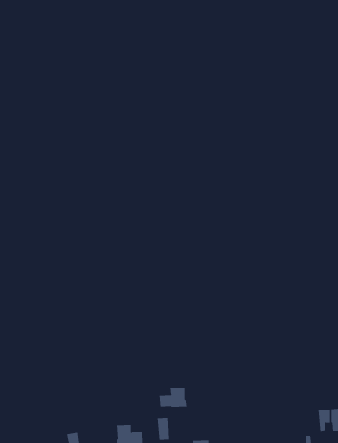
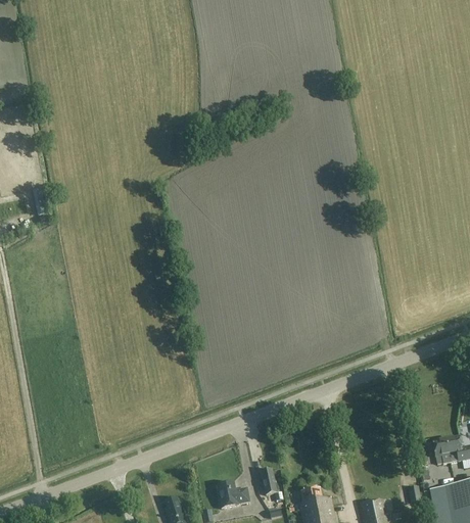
building: [159,387,187,408] -> none

